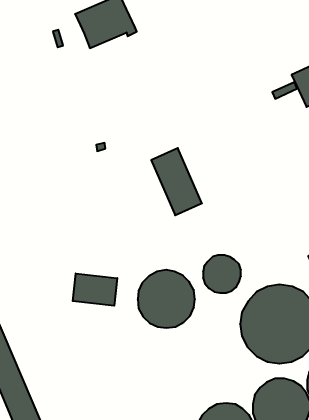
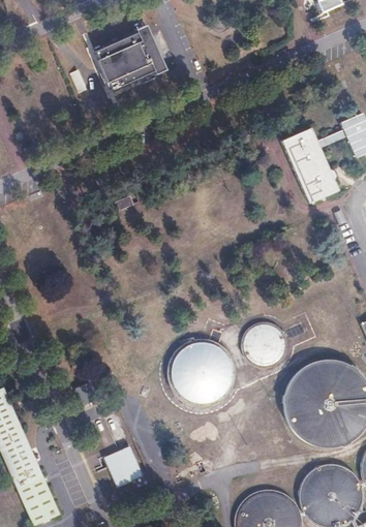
building: [151,148,202,215] -> [282,129,339,205]
building: [73,273,117,306] -> none
building: none -> [102,443,138,482]

